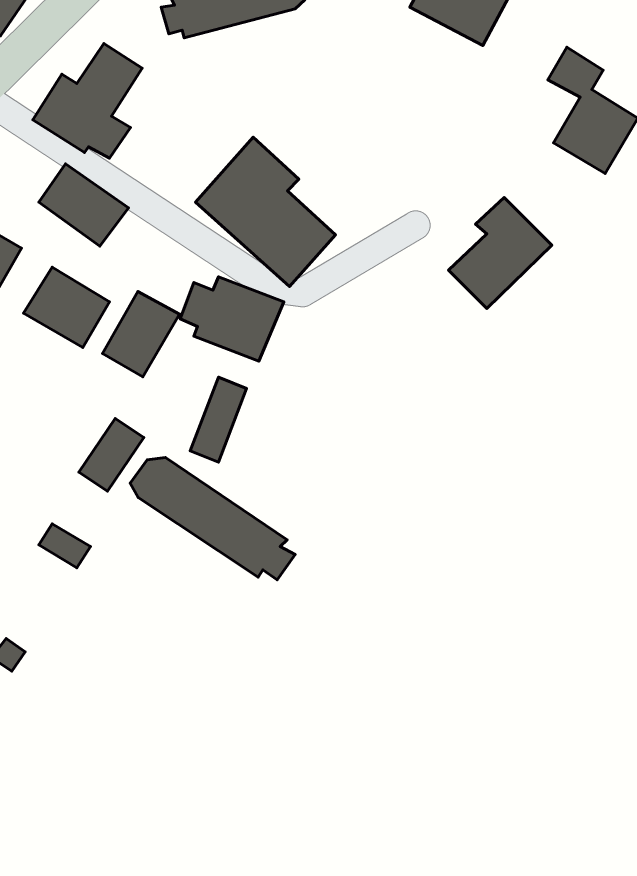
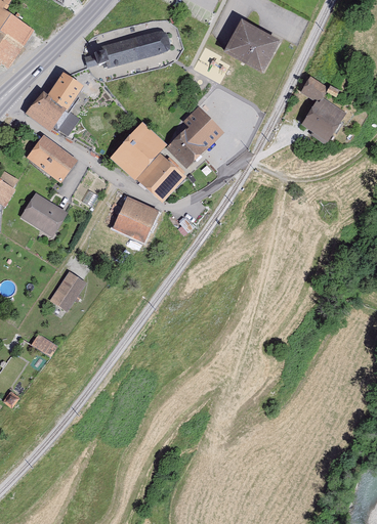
building: [449,197,552,308] -> [168,106,223,166]
building: [103,291,180,377] -> none
building: [190,377,247,462] -> none
building: [130,457,295,580] -> none

